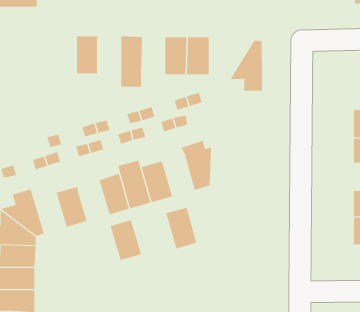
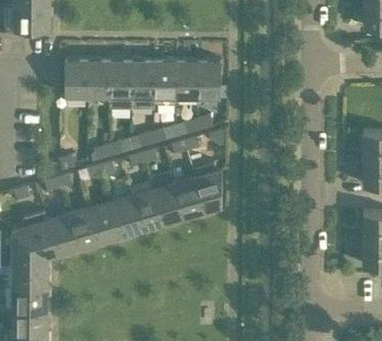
building: none -> [65,59,88,96]
building: none -> [110,59,132,110]
building: none -> [153,60,176,106]
building: [229,40,262,92] -> none
building: none -> [47,214,78,255]
building: [165,207,197,249] -> [174,177,205,218]
building: [110,220,142,261] -> [89,202,121,243]

